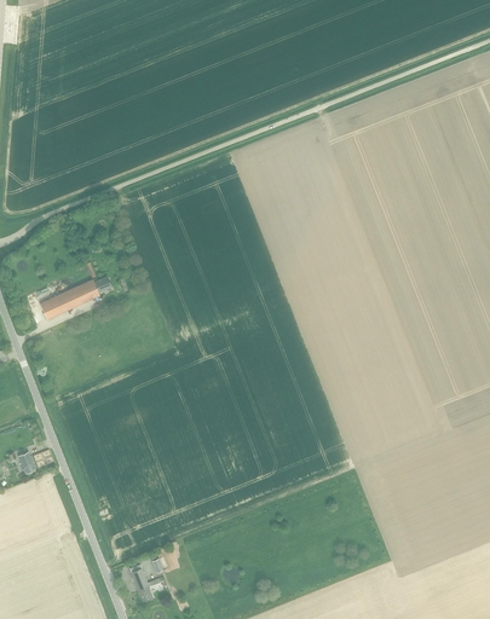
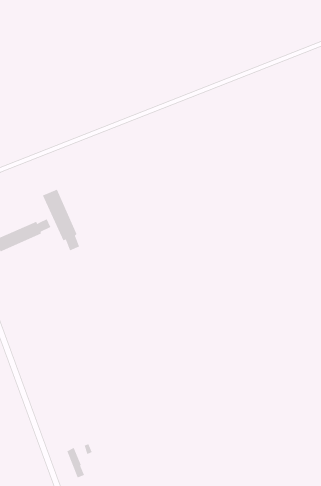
building: none -> [42,189,80,251]

